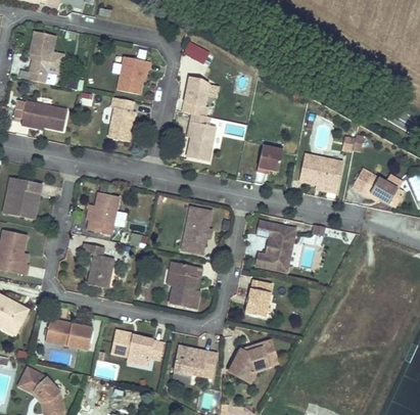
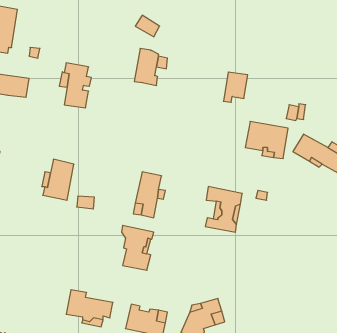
building: [115,51,147,89] -> none
building: [187,111,215,160] -> none
building: [255,144,281,176] -> [223,72,248,102]
building: [85,244,112,288] -> none
building: [245,278,272,319] -> none
building: [46,317,93,350] -> none

